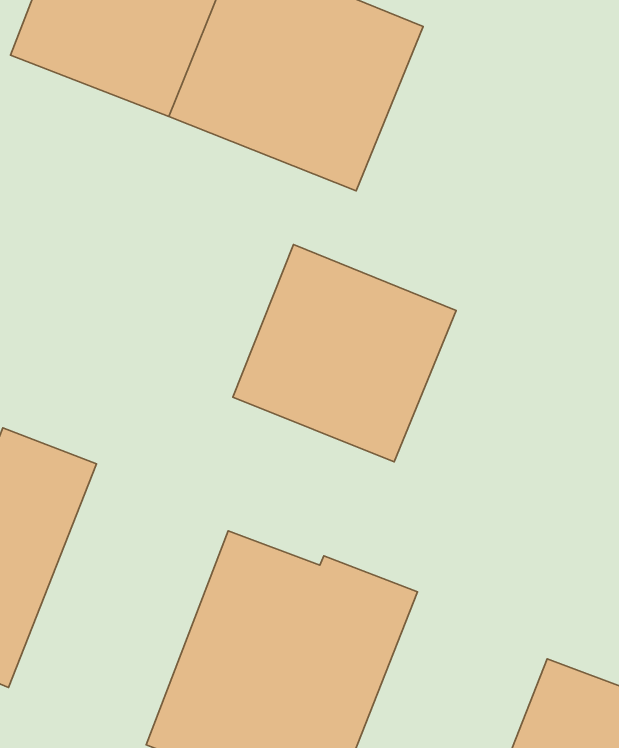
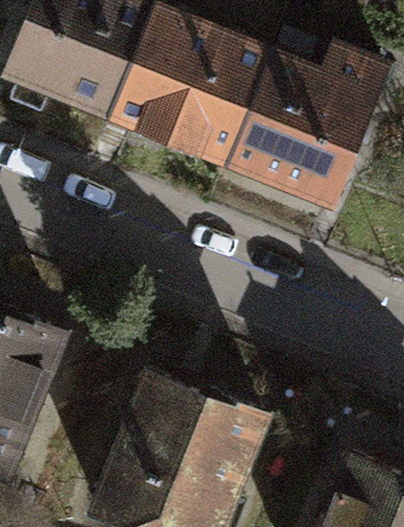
building: none -> [230,52,385,207]
building: [233,245,456,462] -> none

